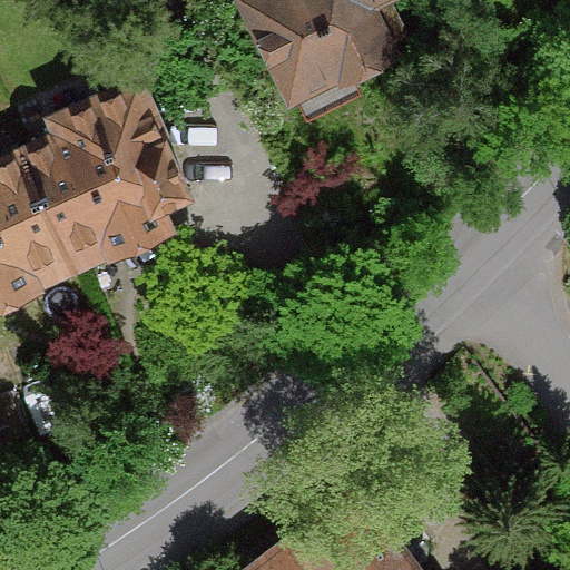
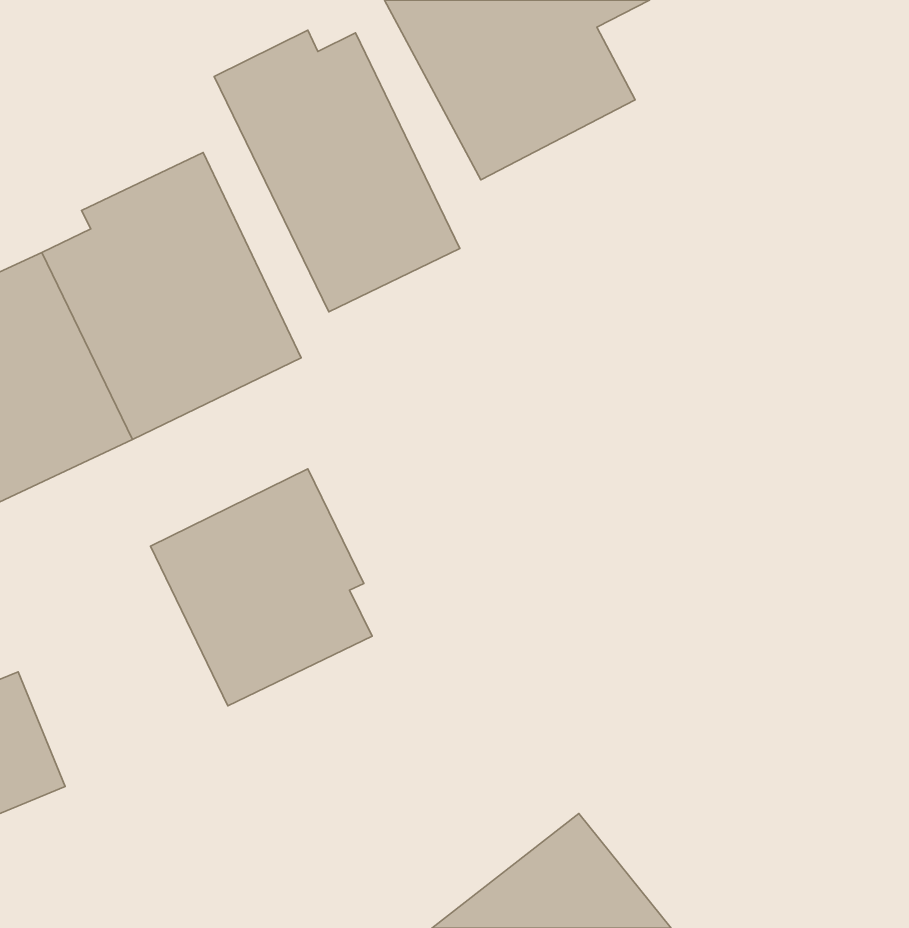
building: none -> [214,30,460,312]
building: none -> [151,469,372,706]

